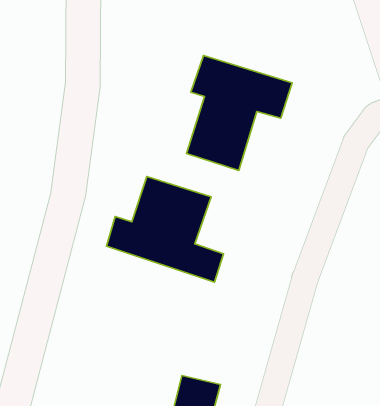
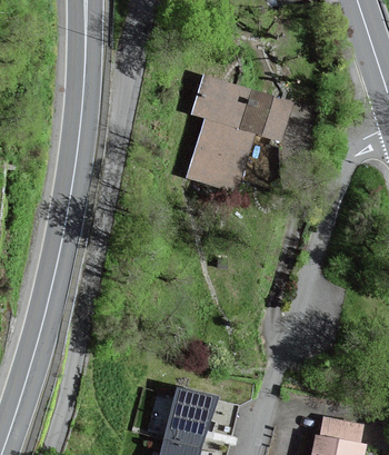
building: [106,176,224,282] -> none

